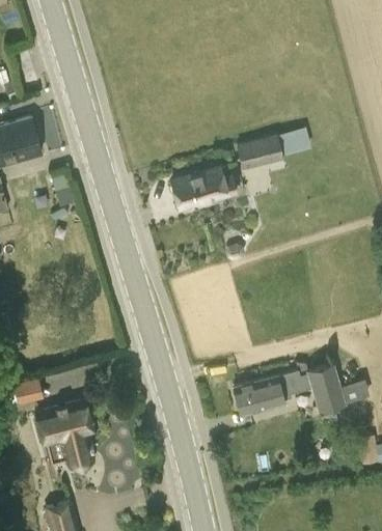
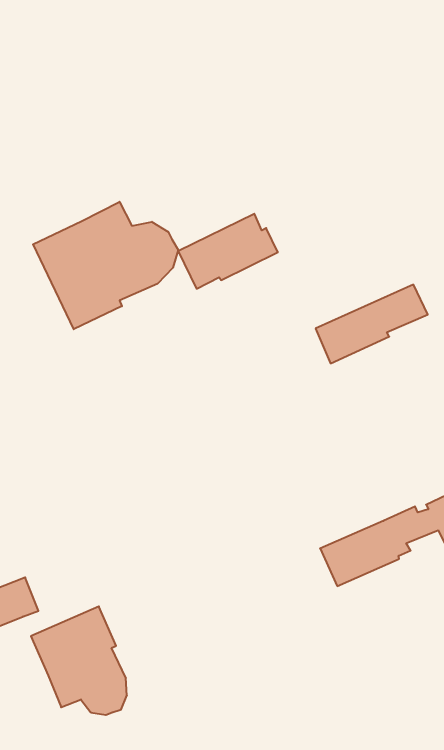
building: [237,127,310,169] -> [316,285,428,363]
building: none -> [33,202,178,329]

